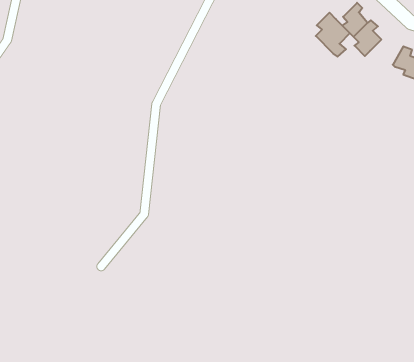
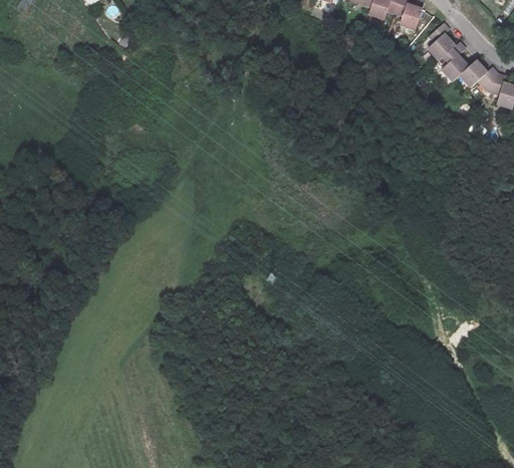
building: [316,13,350,57] -> none
building: none -> [461,67,499,101]

